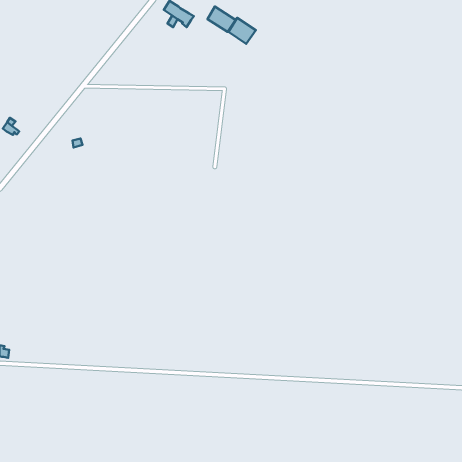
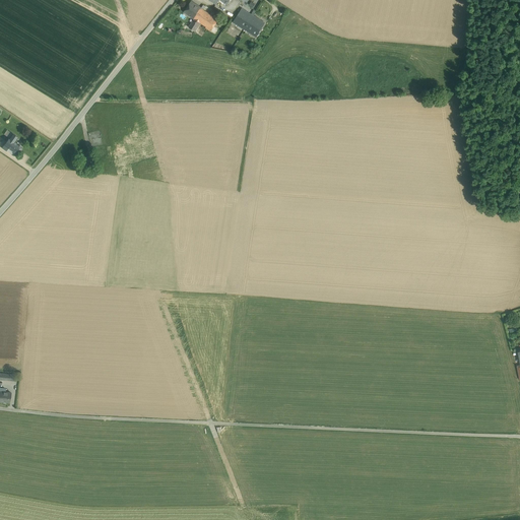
building: [228,18,256,44] -> none

